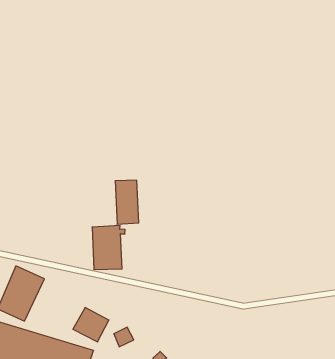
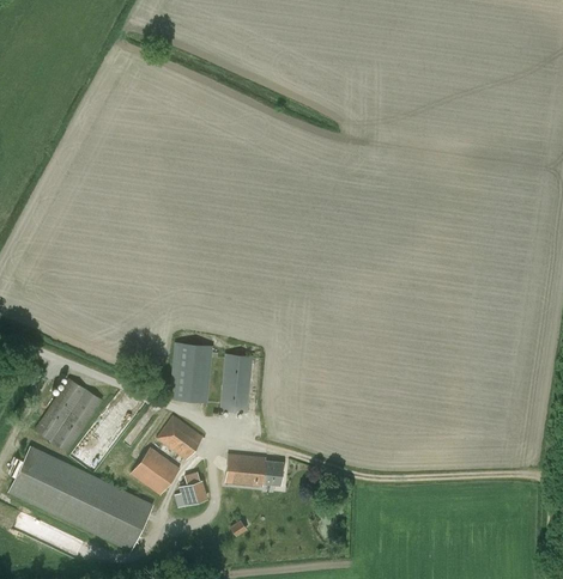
building: [115,180,139,224] -> [219,353,254,413]
building: none -> [157,415,204,459]
building: none -> [225,455,283,486]

